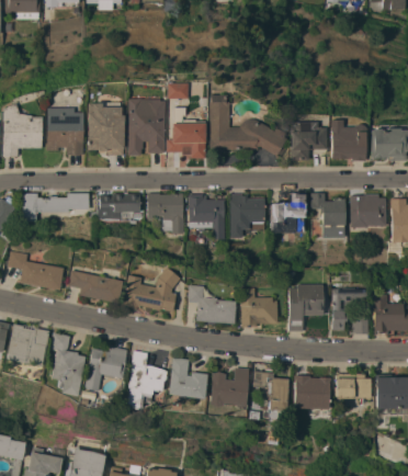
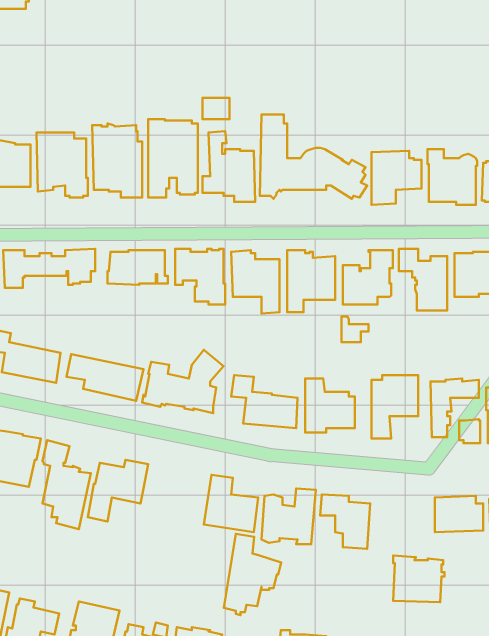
building: [125,351,167,410] -> [224,534,281,615]
building: [294,375,331,409] -> [393,556,445,602]

